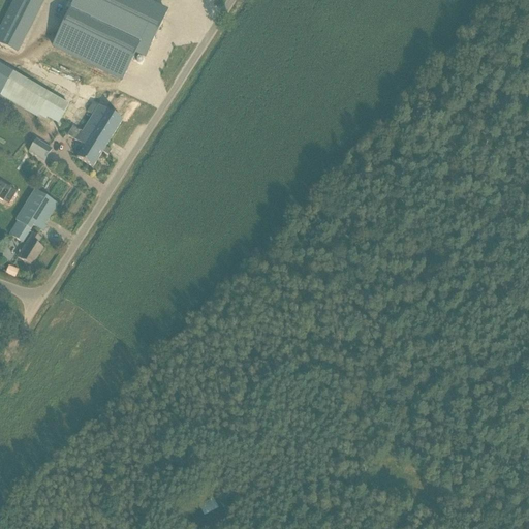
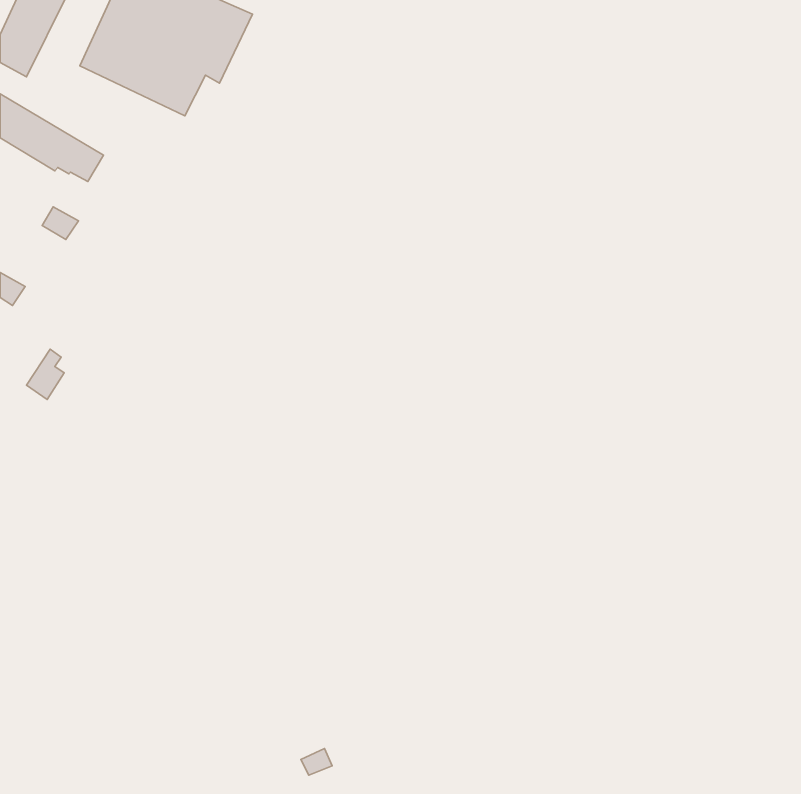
building: [67,99,122,164] -> none
building: [9,187,57,240] -> none

